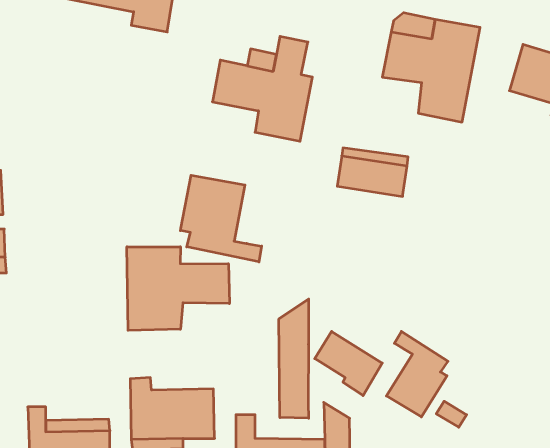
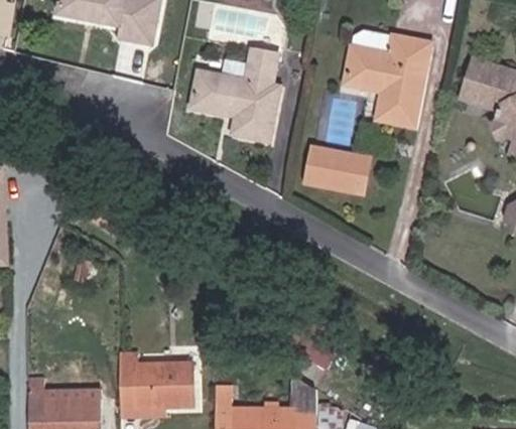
building: [180,175,262,262] -> none
building: [127,247,229,330] -> none
building: [279,299,309,418] -> none
building: [386,331,448,417] -> none

